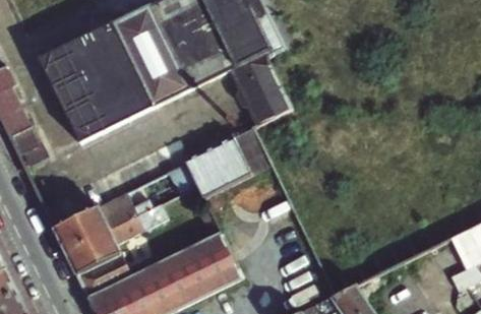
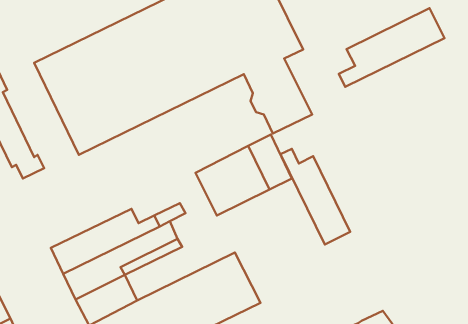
building: none -> [339,8,444,87]
building: none -> [281,149,350,244]

